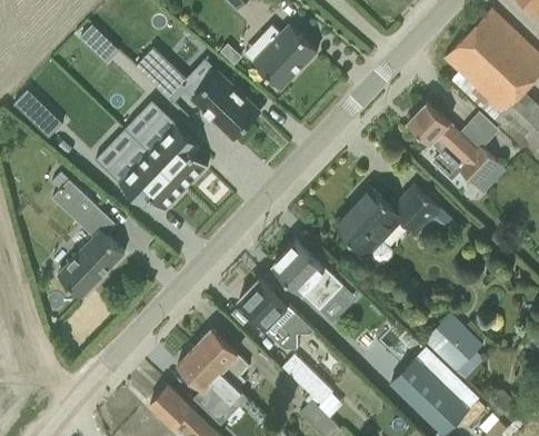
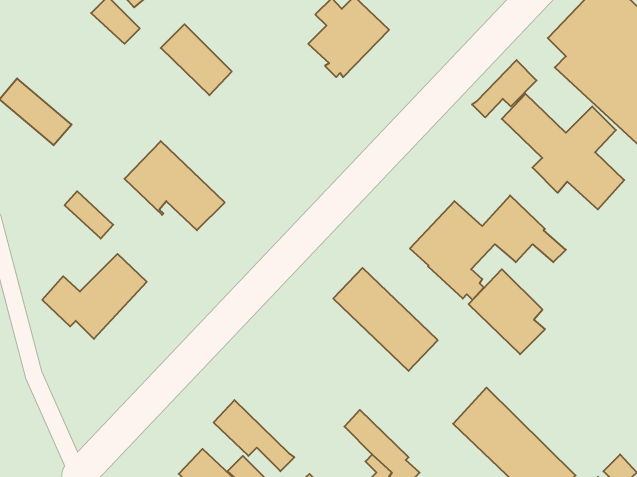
building: [193,67,261,138] -> none
building: none -> [472,60,537,117]
building: [136,110,208,188] -> none
building: [239,278,313,348] -> none
building: [423,313,485,380] -> [469,269,545,354]
building: [194,328,250,388] -> none

